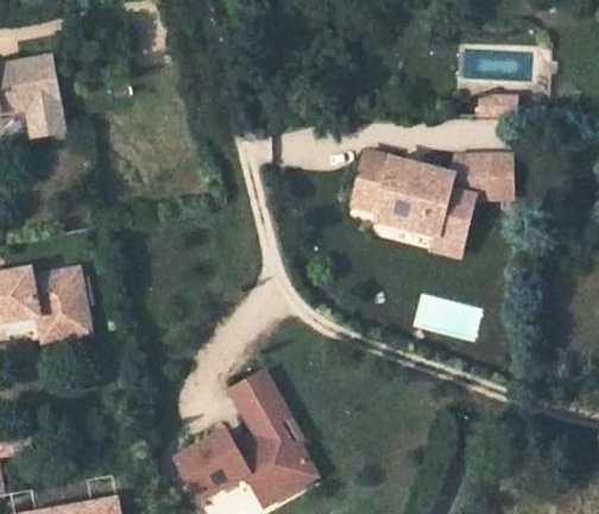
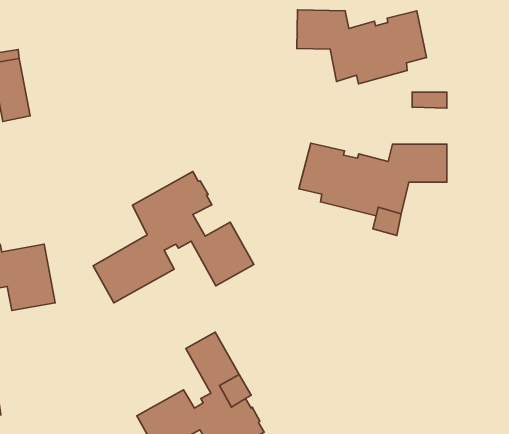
building: none -> [297,10,427,84]
building: none -> [93,172,254,303]

